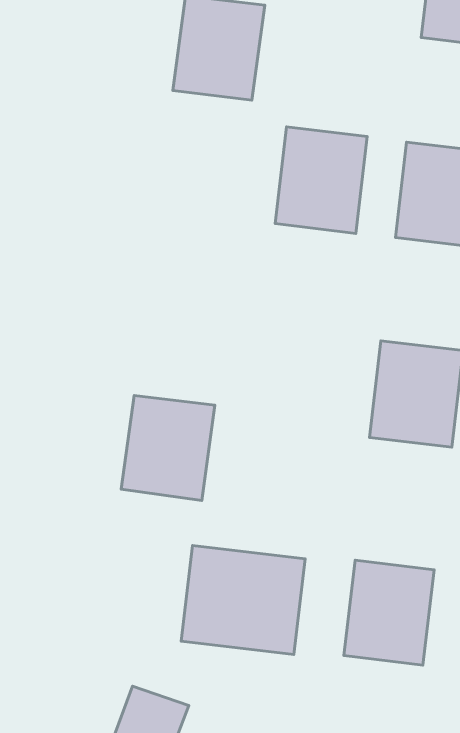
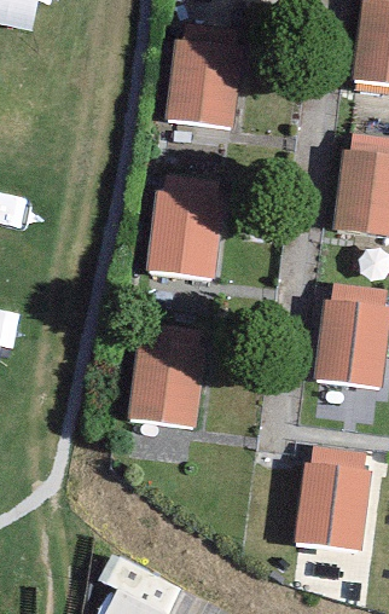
building: [275,127,367,233] -> [150,196,219,276]
building: [181,546,305,655] -> none

